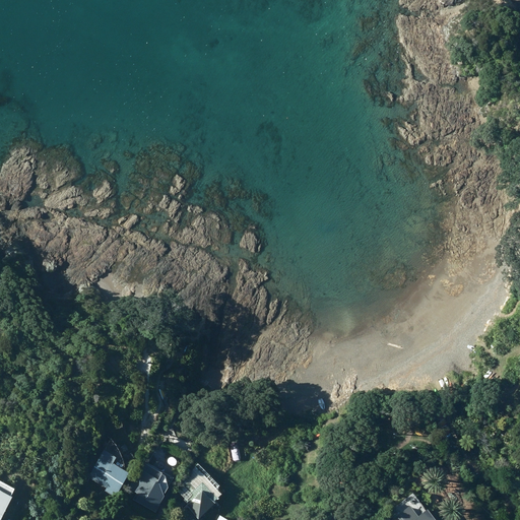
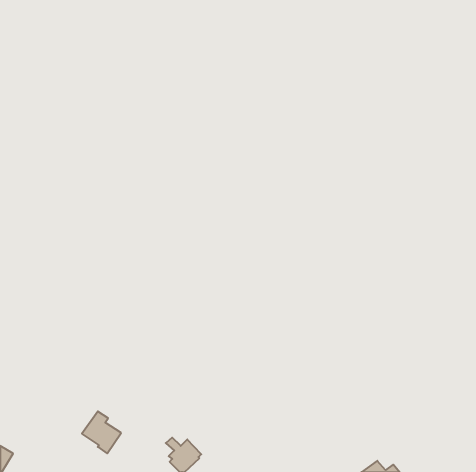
building: [132,461,166,509] -> none

